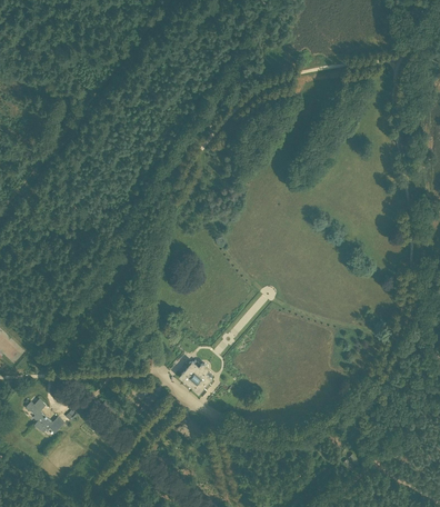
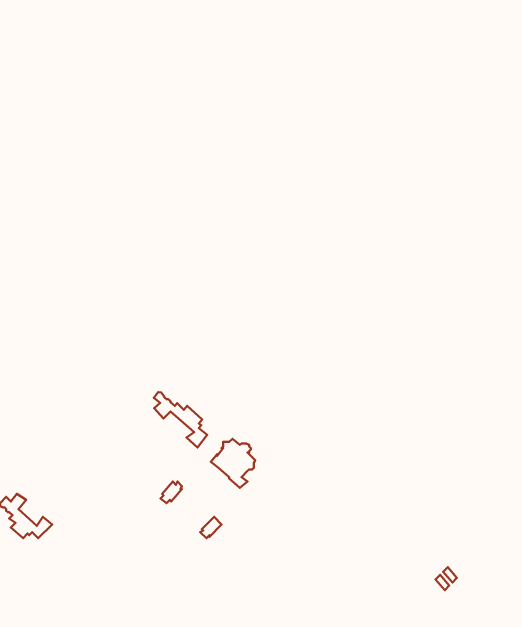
building: none -> [154,392,207,448]

